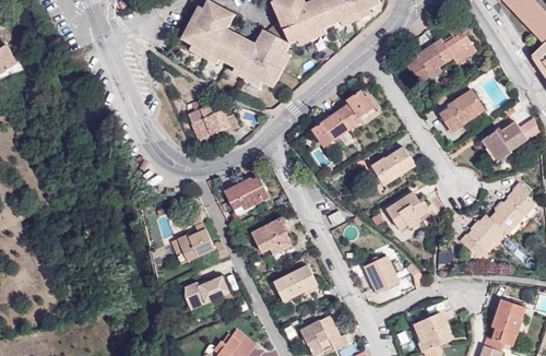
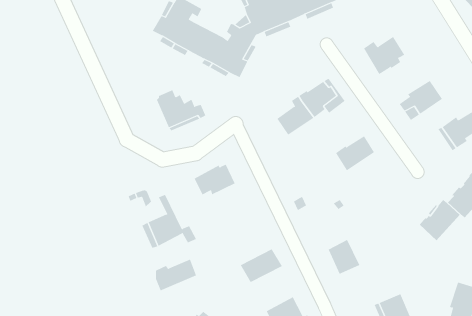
building: [434,20,476,63] -> none
building: [388,192,425,228] -> none
building: [251,217,293,258] -> none

